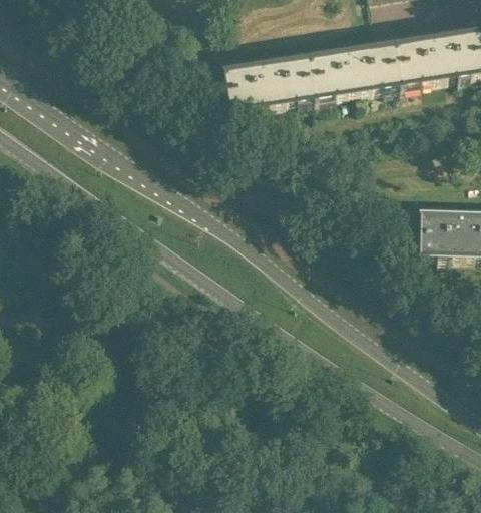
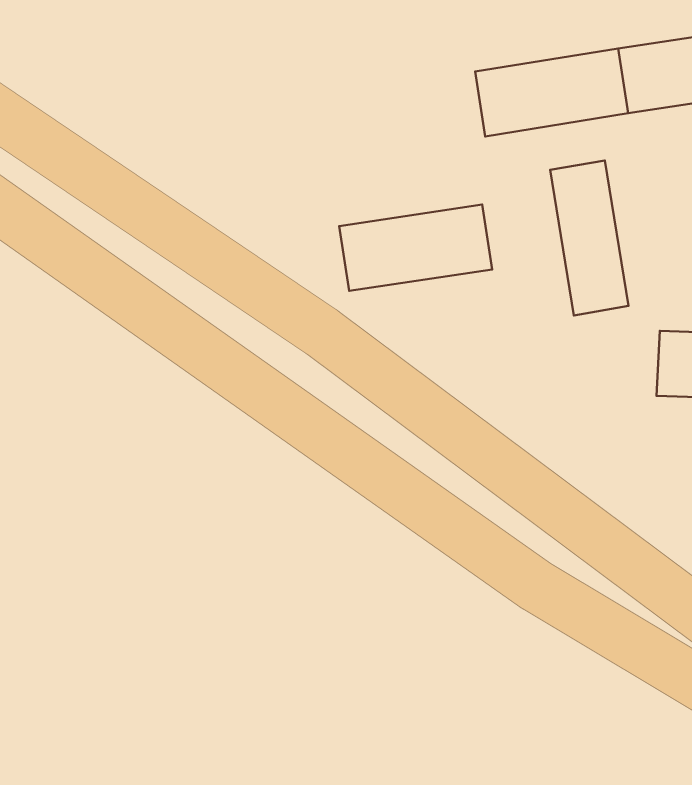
building: [225,56,318,108] -> [339,205,492,291]
building: none -> [550,160,629,315]

